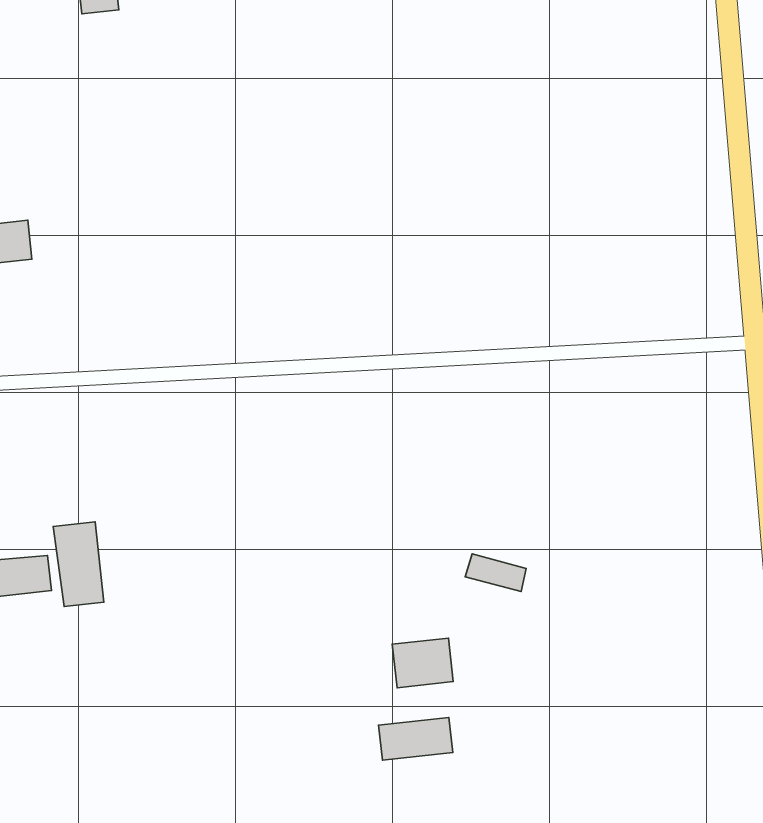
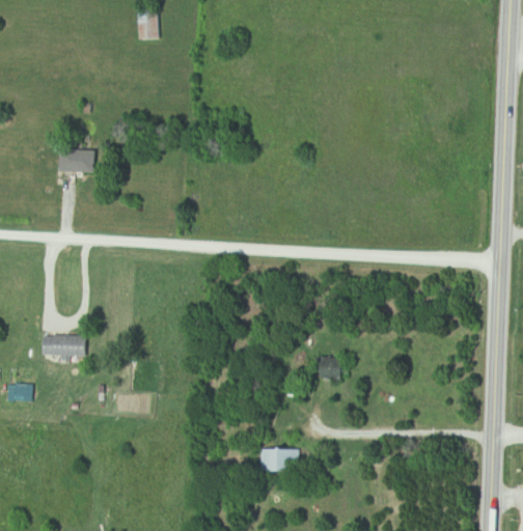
building: [53,522,104,607] -> none
building: [392,638,453,688] -> none

